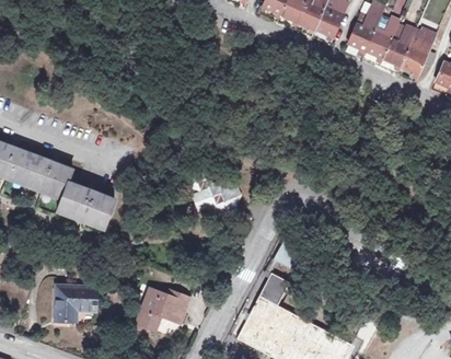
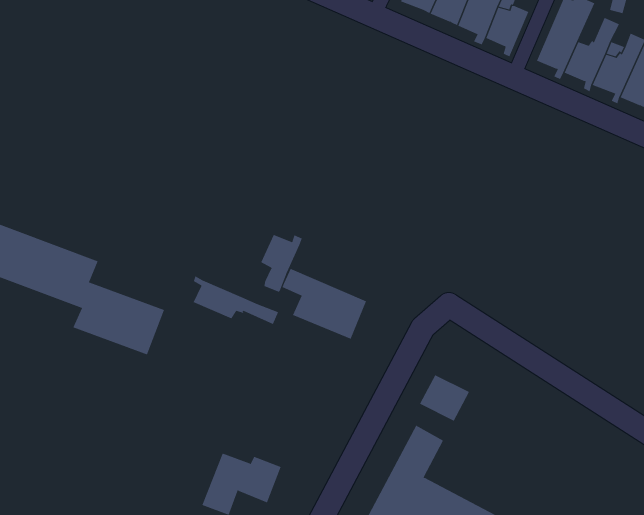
building: none -> [260,234,302,292]
building: none -> [193,275,279,325]
building: [55,286,95,323] -> none

